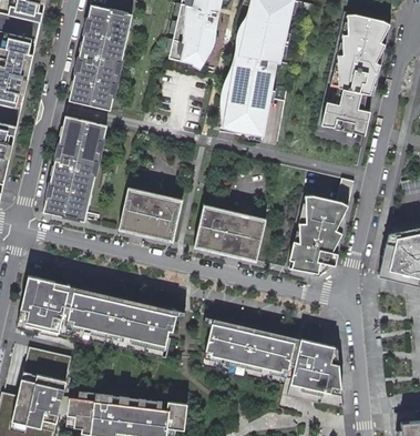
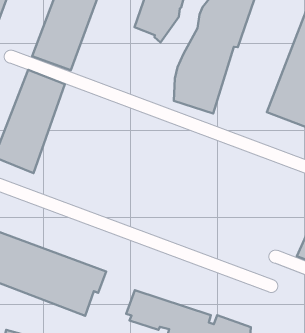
building: [113,190,178,245] -> none
building: [291,194,349,272] -> none
building: [191,207,262,262] -> none

